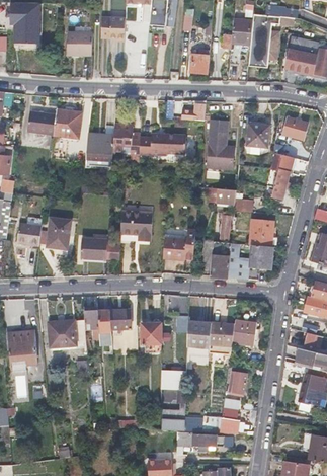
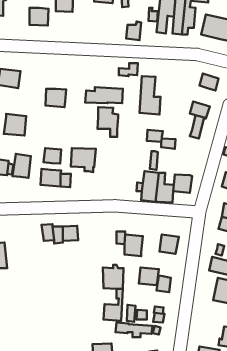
building: [54,109,82,137] -> [4,114,26,135]
building: [246,124,269,146] -> none
building: [113,125,140,162] -> [97,107,118,137]
building: none -> [43,148,61,164]
building: [250,219,273,245] -> none
building: [161,228,195,258] -> none
building: [49,320,77,346] -> none
building: [210,322,235,344] -> [139,268,159,285]
building: [142,323,161,353] -> none

